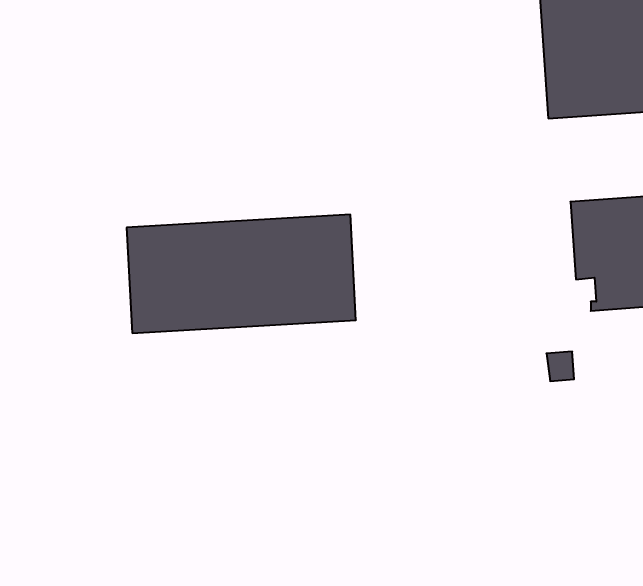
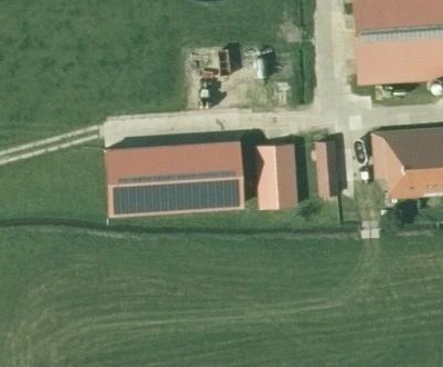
building: none -> [315,141,339,196]
building: none -> [257,143,295,207]

